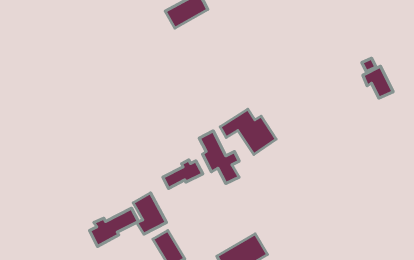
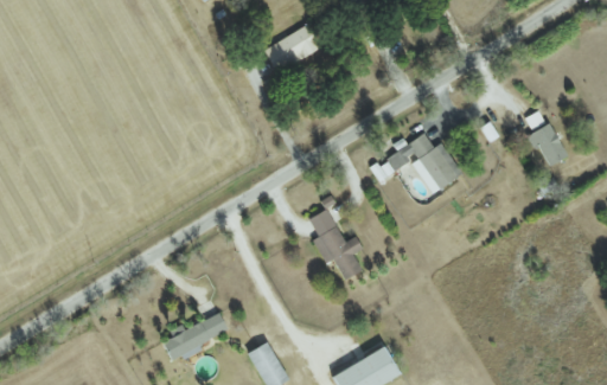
building: [220,109,276,154] -> [386,134,461,194]
building: [163,160,203,188] -> none
building: [133,193,166,234] -> none

